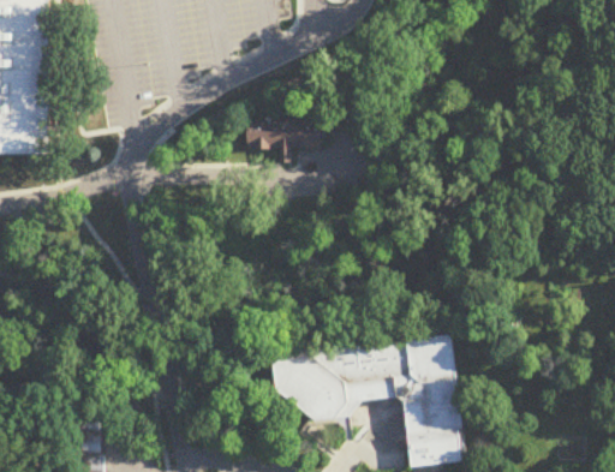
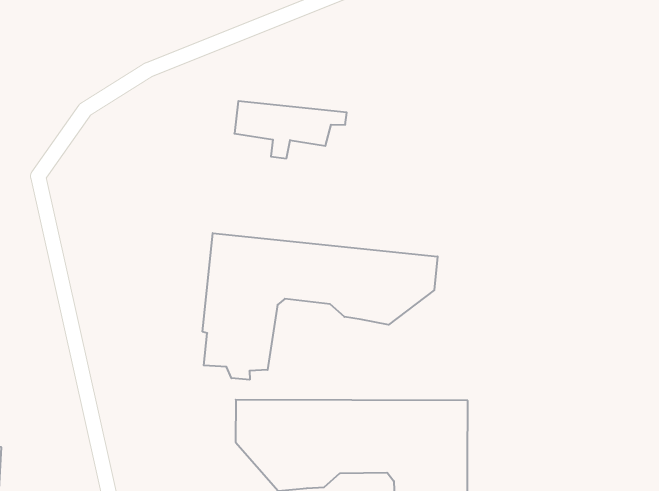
building: none -> [203,233,438,380]

